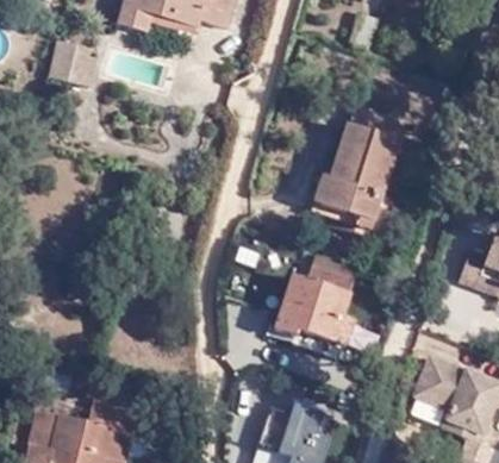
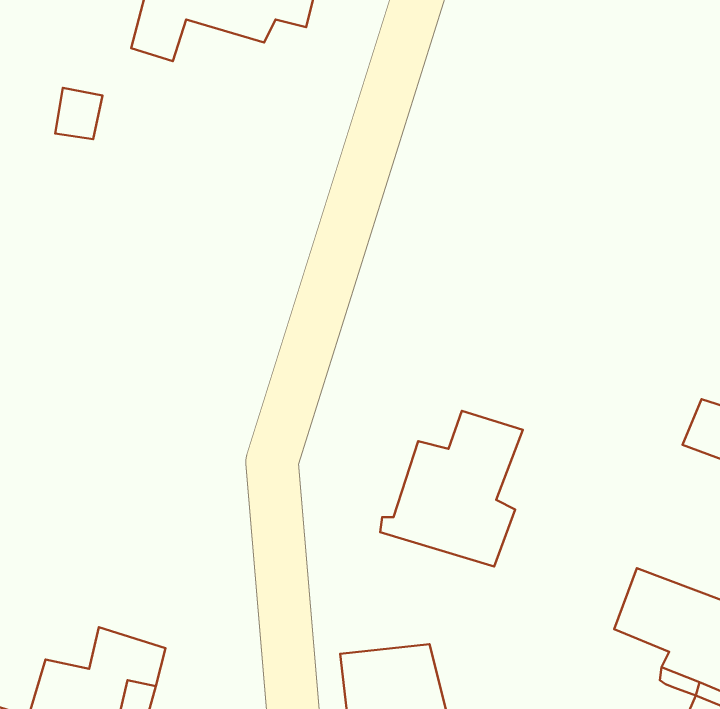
building: [324,105,407,237] -> none

